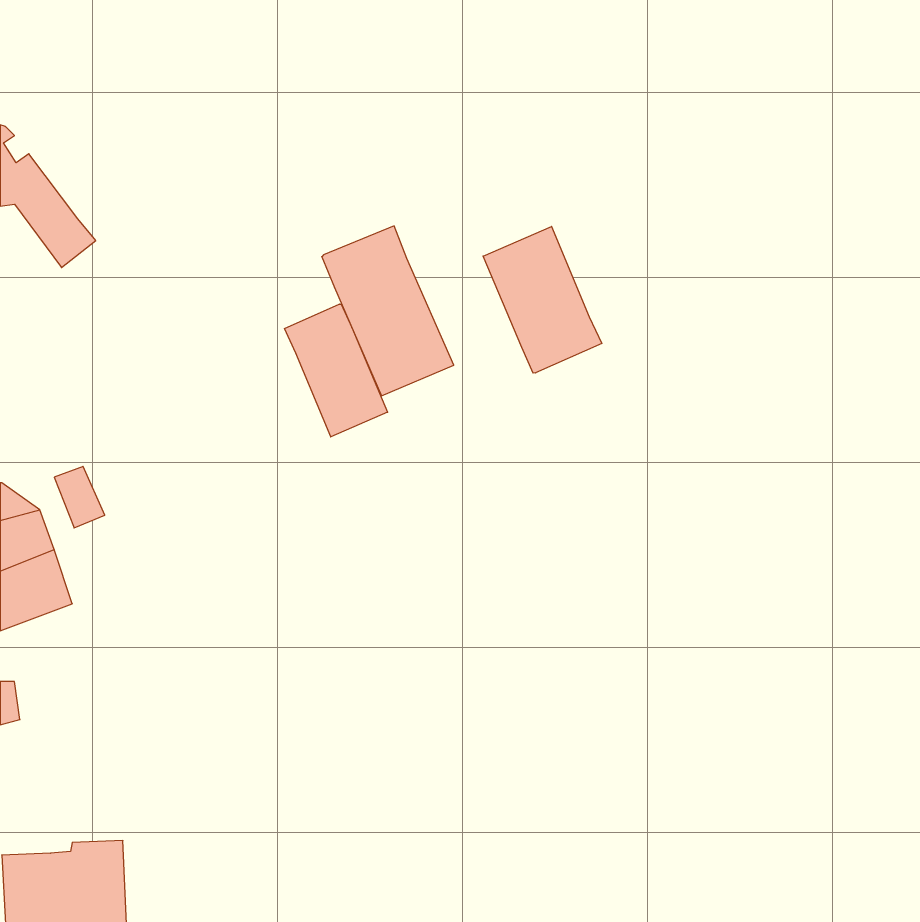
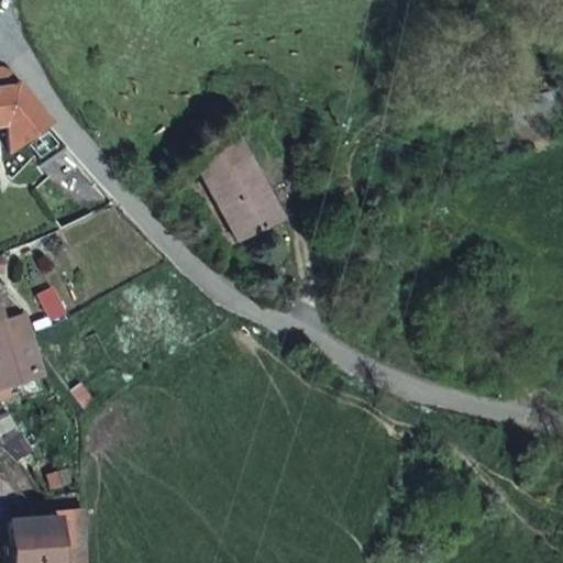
building: [483,226,602,373] -> none
building: [284,304,388,437] -> none

